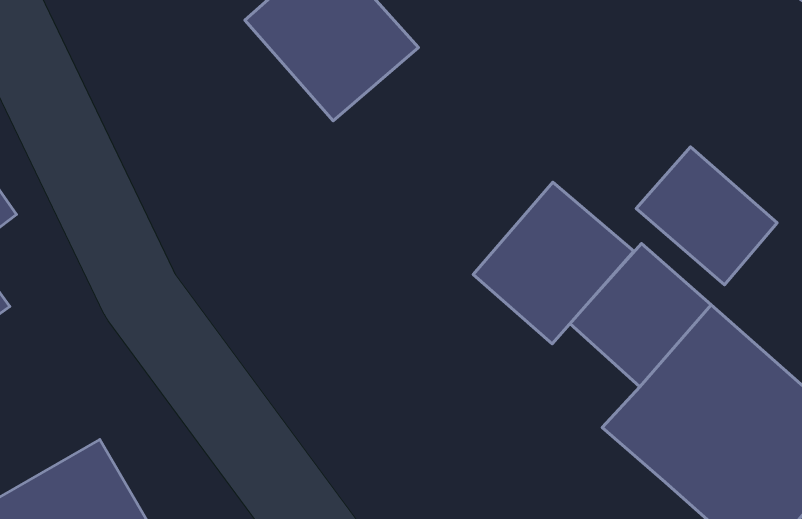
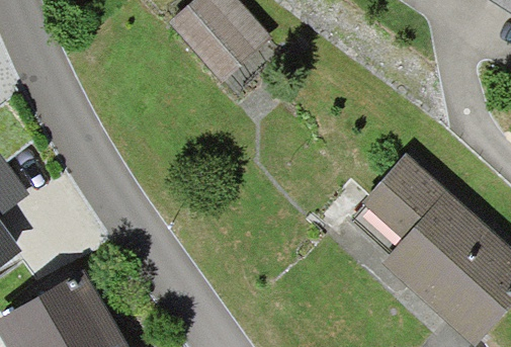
building: [636,147,777,285] -> none
building: [473,182,634,344] -> none

